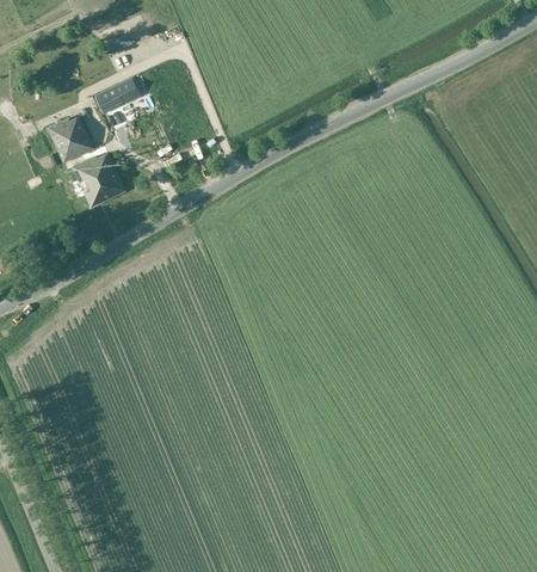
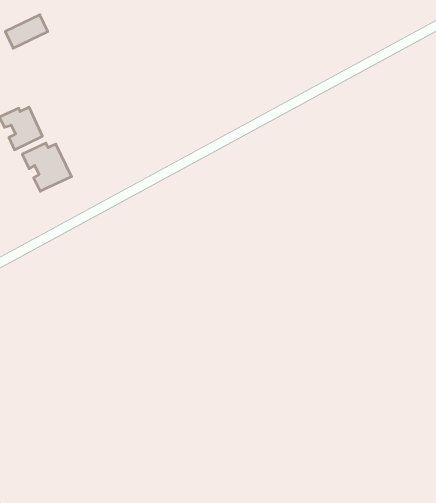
building: [95,79,141,115] -> [5,15,48,48]

